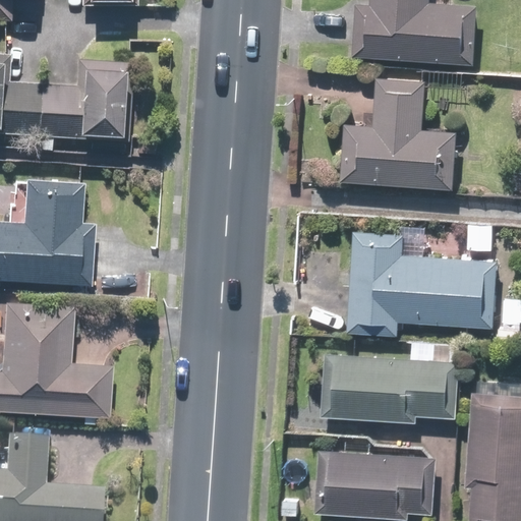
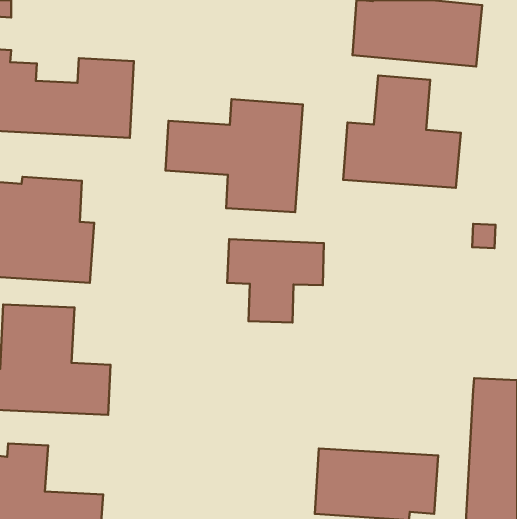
building: none -> [165,99,303,212]
building: [348,228,499,338] -> none
building: none -> [227,239,324,323]
building: [322,344,460,422] -> none

